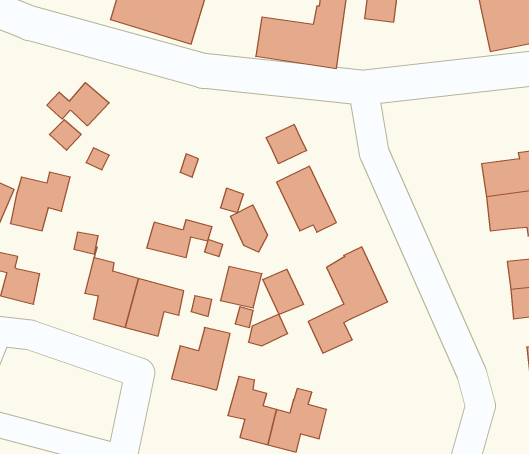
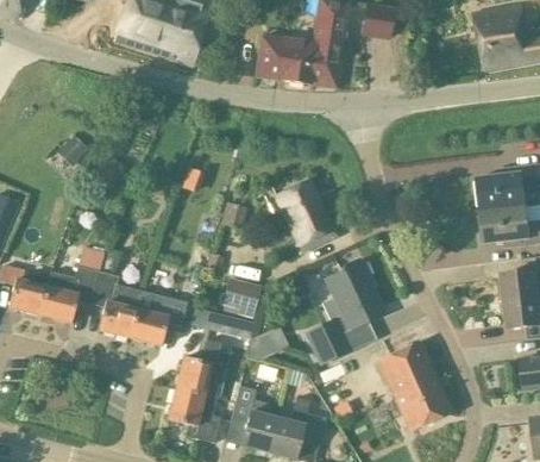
building: [47,83,109,126] -> none
building: [266,124,307,164] -> none
building: [10,172,70,231] -> [40,264,99,321]
building: [231,205,267,252] -> none
building: [147,220,212,258] -> none
building: [263,269,303,315] -> none
building: none -> [377,339,453,431]
building: none -> [168,387,220,442]

